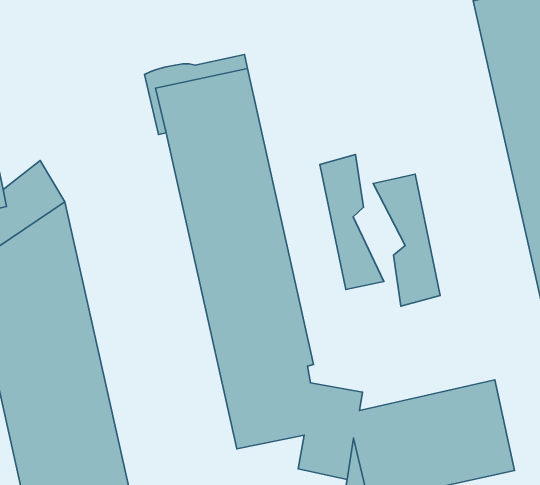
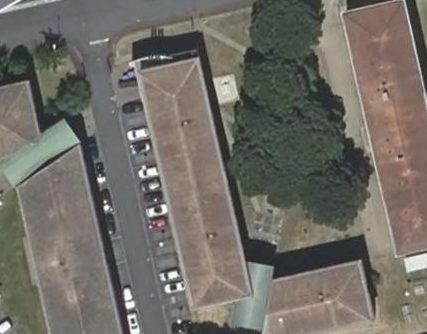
building: [320,155,384,290] -> none
building: [373,174,440,306] -> none

